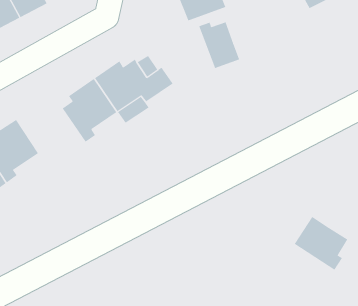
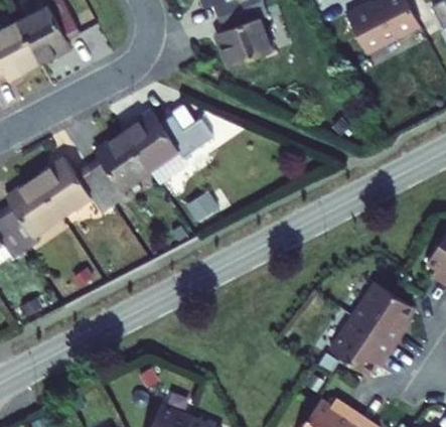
building: [199,21,240,69] -> none
building: none -> [36,157,114,216]
building: none -> [328,318,396,378]

